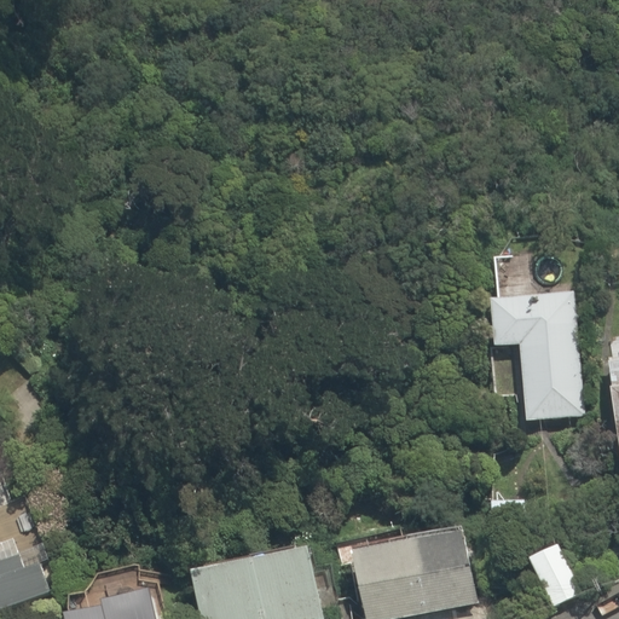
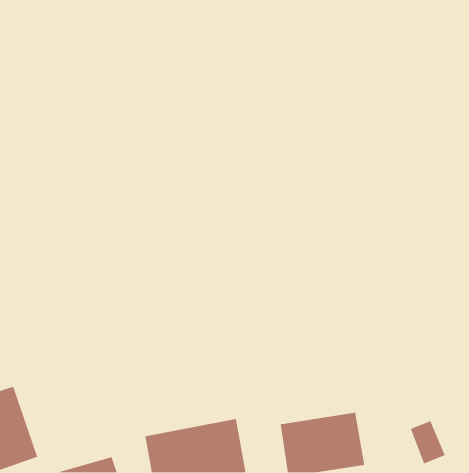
building: [488,291,579,418] -> none

